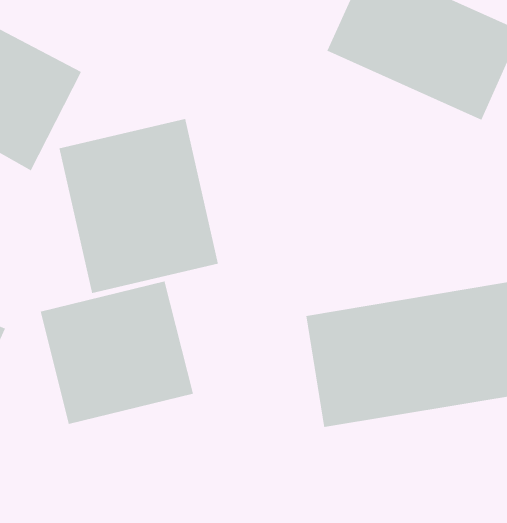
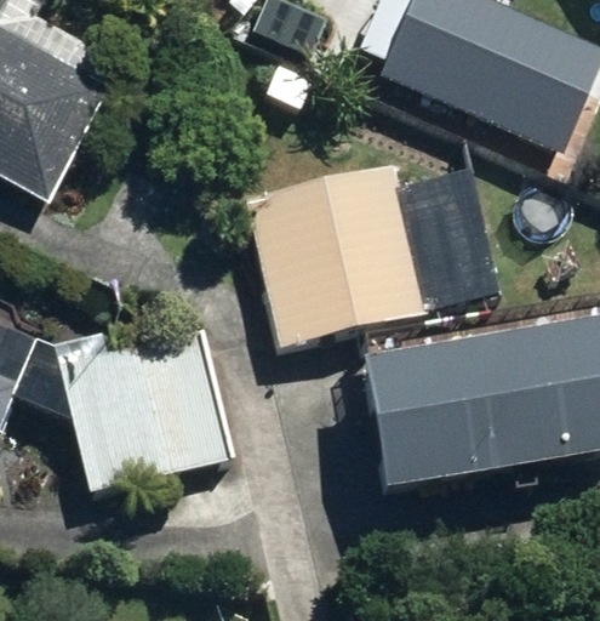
building: [59,118,218,294] -> none
building: none -> [244,163,423,343]

